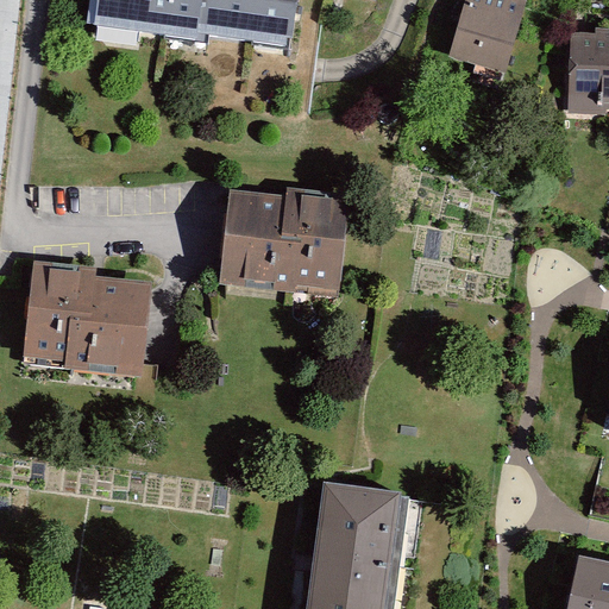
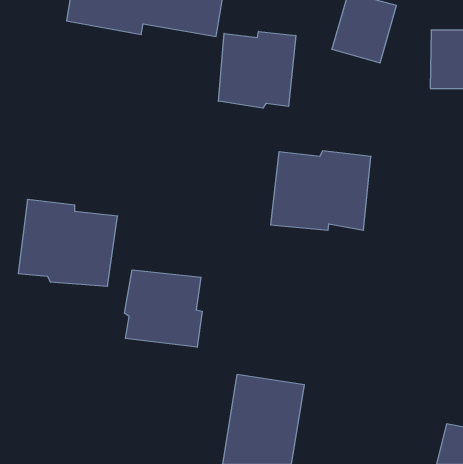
building: none -> [218,31,296,108]
building: [224,187,354,290] -> [271,151,371,230]
building: none -> [124,270,202,347]

